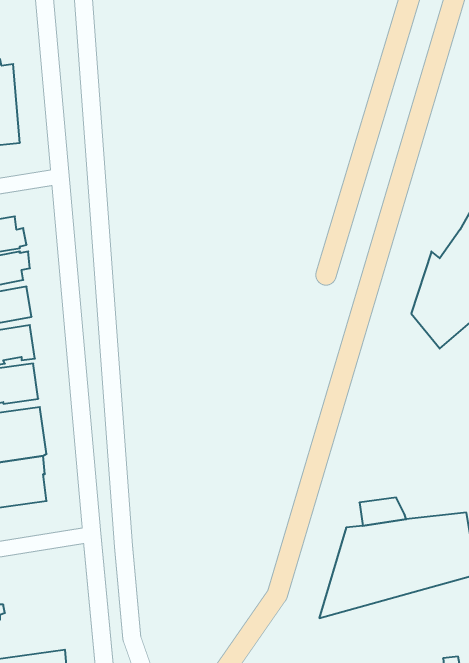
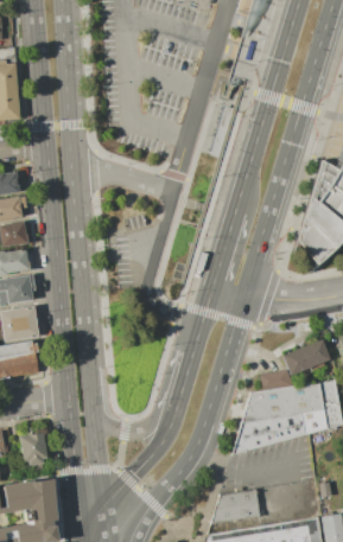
building: none -> [281,339,331,376]
building: none -> [19,433,47,466]

